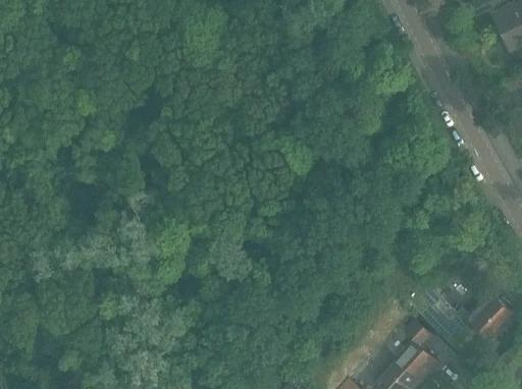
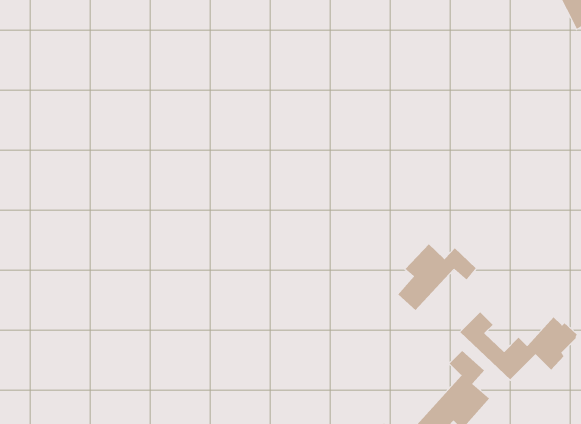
building: none -> [397,243,477,311]

